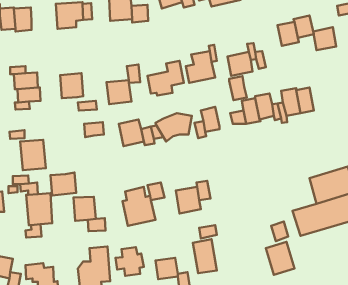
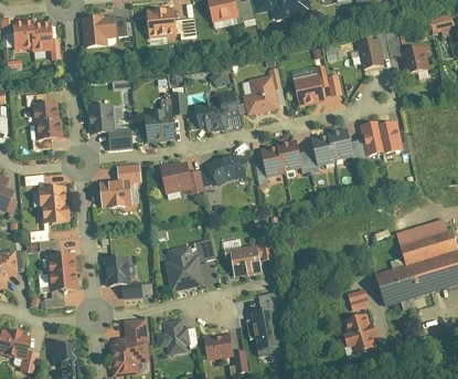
building: [229,76,247,100] -> [279,139,301,169]
building: [50,172,76,195] -> [99,180,131,209]

